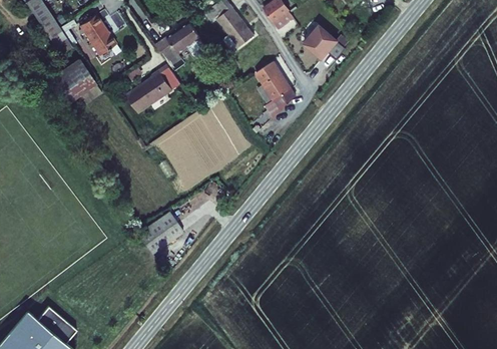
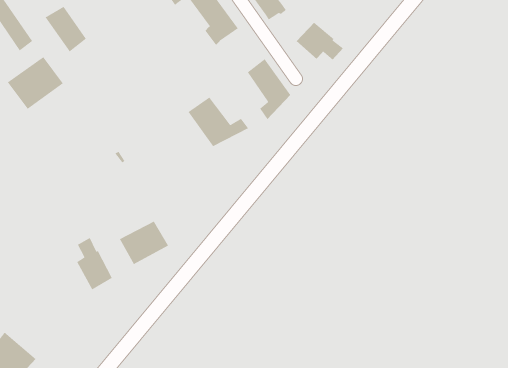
building: [159,21,206,67] -> none
building: [138,71,177,109] -> none
building: none -> [188,96,249,147]
building: none -> [76,237,113,291]

